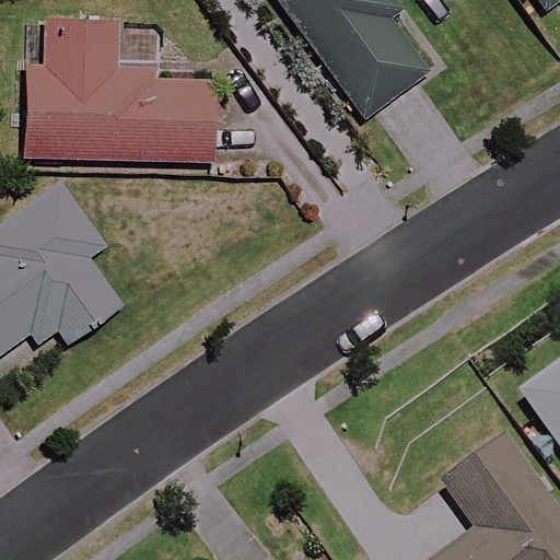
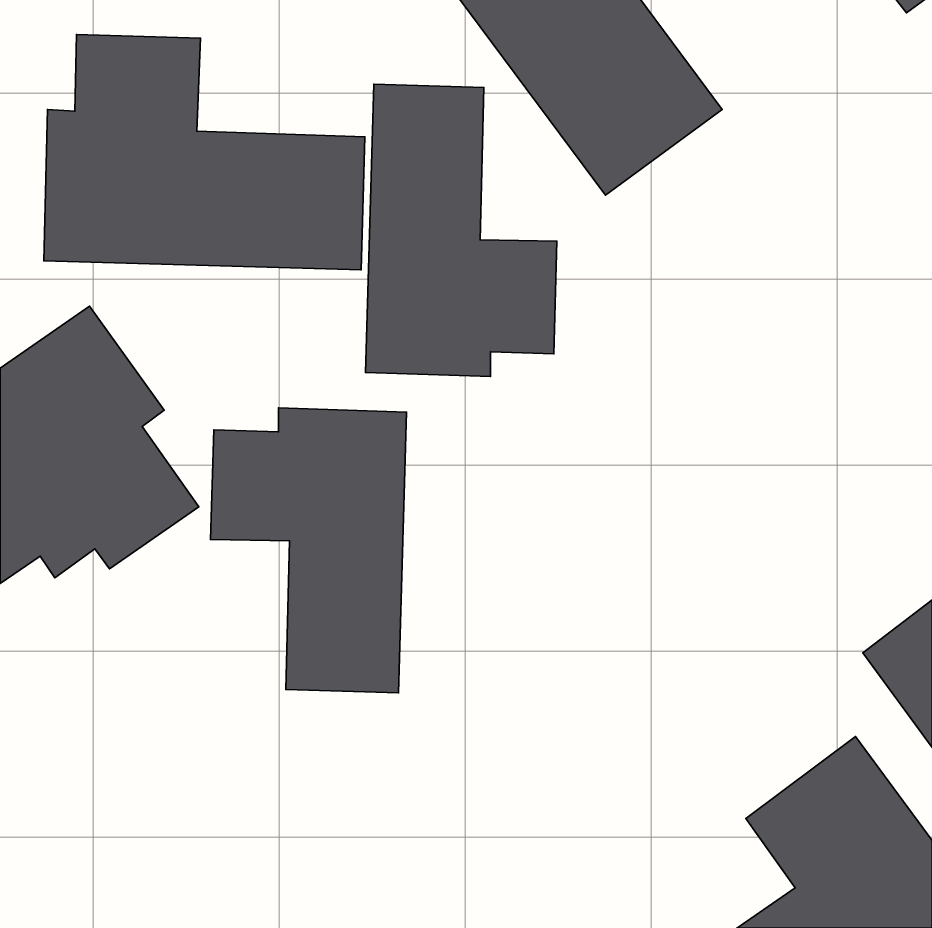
building: none -> [366,84,557,377]
building: none -> [211,408,406,693]

